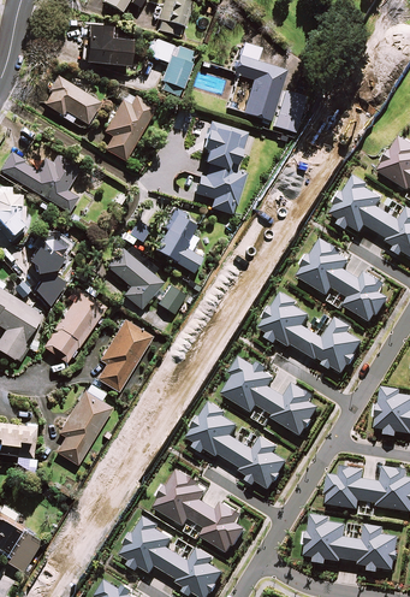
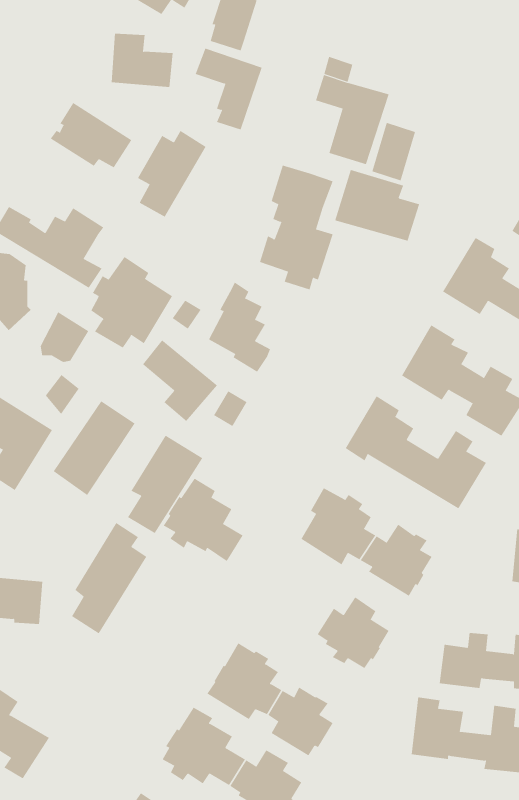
building: none -> [335,169,420,242]
building: none -> [90,256,173,348]
building: [189,404,248,466] -> [163,478,244,562]

